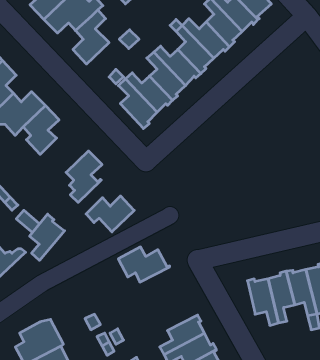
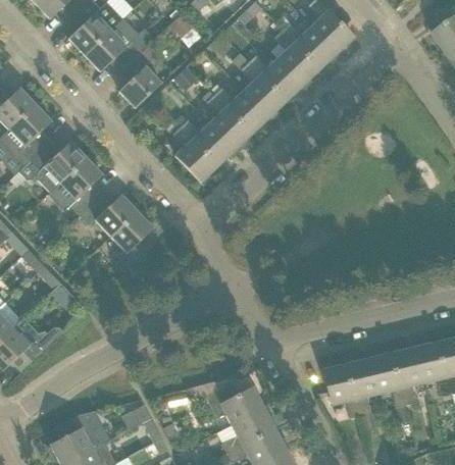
building: [86,196,134,232] -> [80,194,137,237]
building: [30,214,65,260] -> none
building: [118,247,170,282] -> [205,382,266,424]

